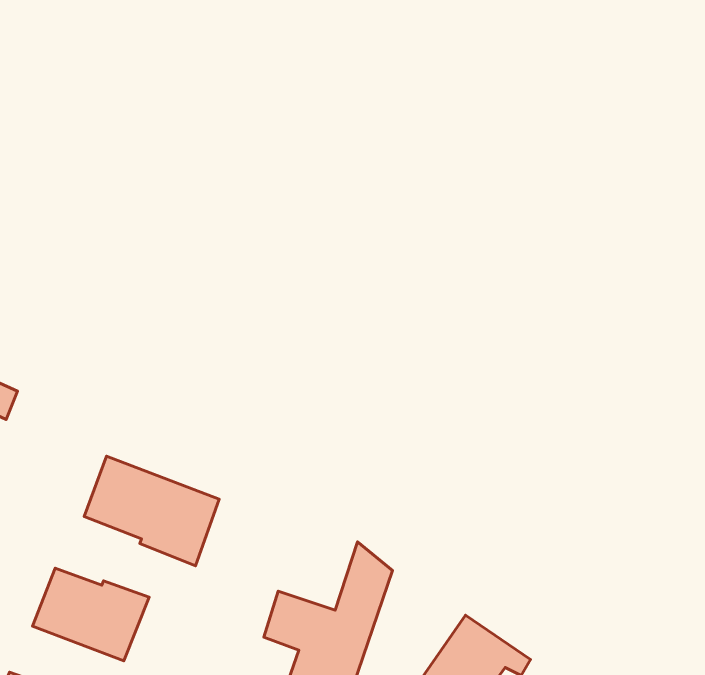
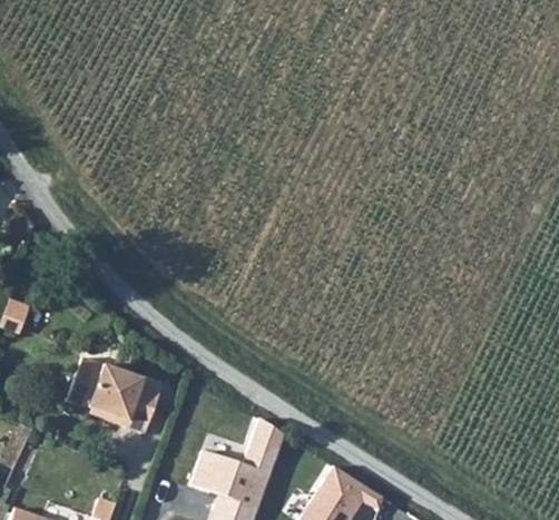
building: [32,568,149,661] -> none

